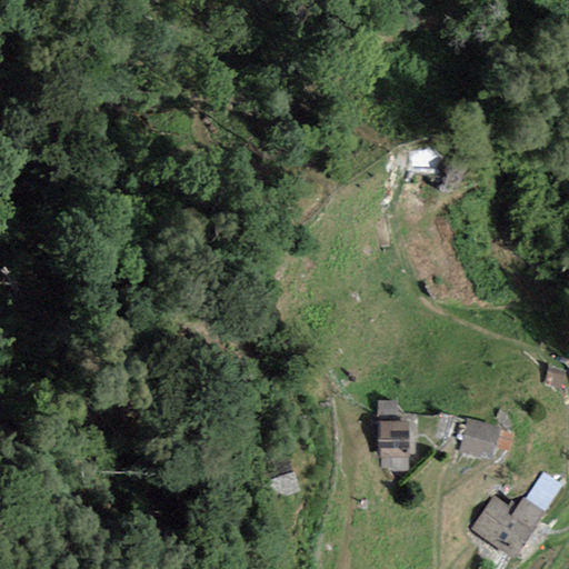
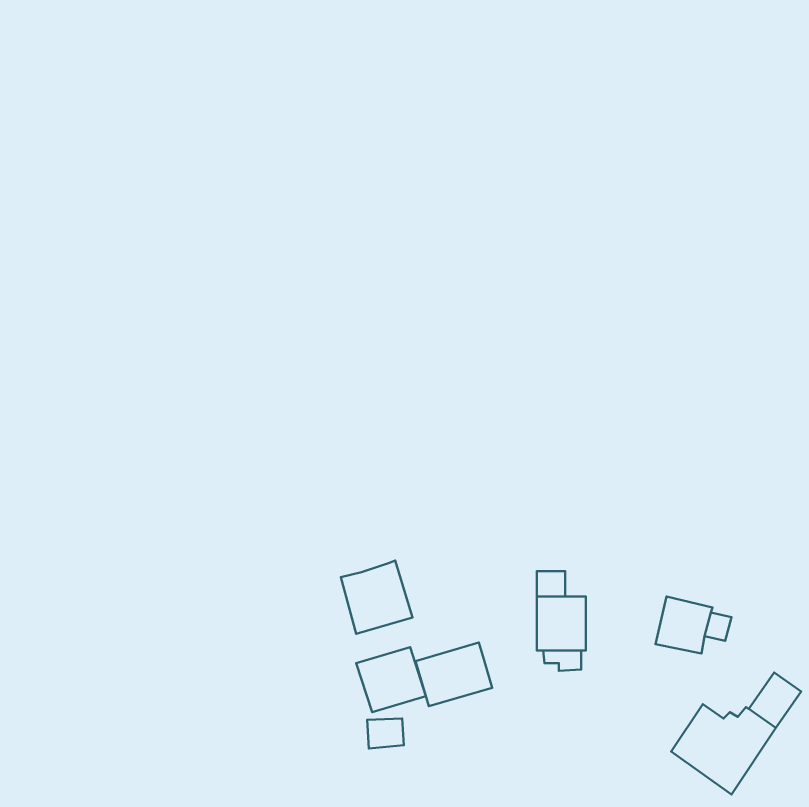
building: none -> [341,561,412,634]
building: none -> [416,643,492,706]

